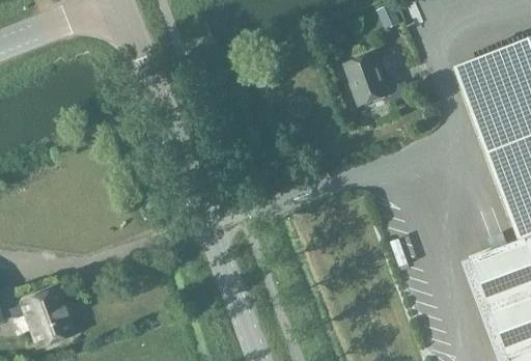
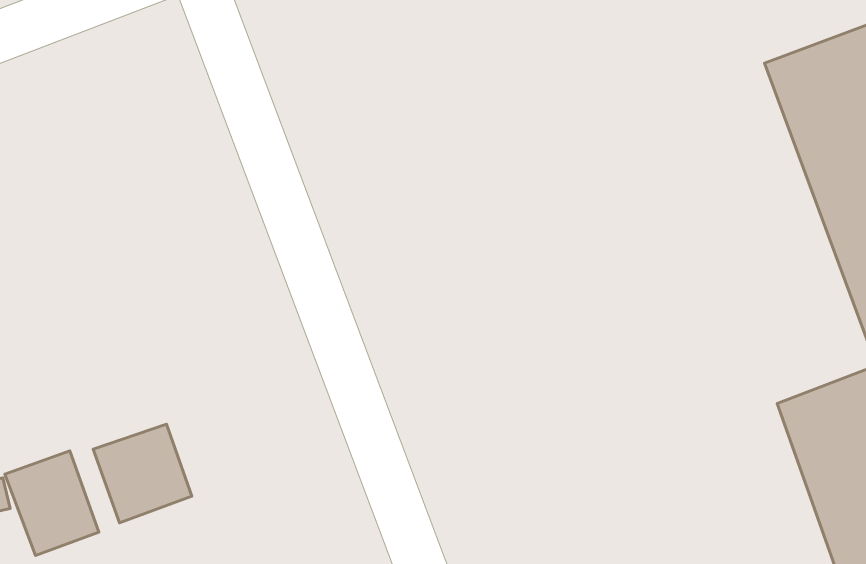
building: [344,51,411,103] -> none
building: none -> [93,424,192,523]

